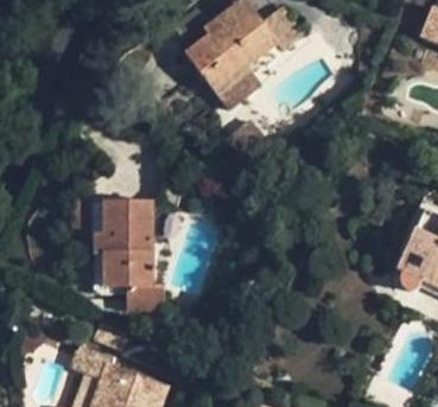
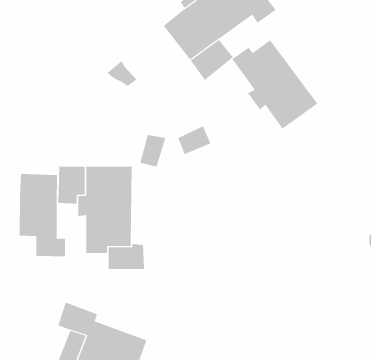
building: none -> [232,39,318,129]
building: none -> [19,173,66,257]

